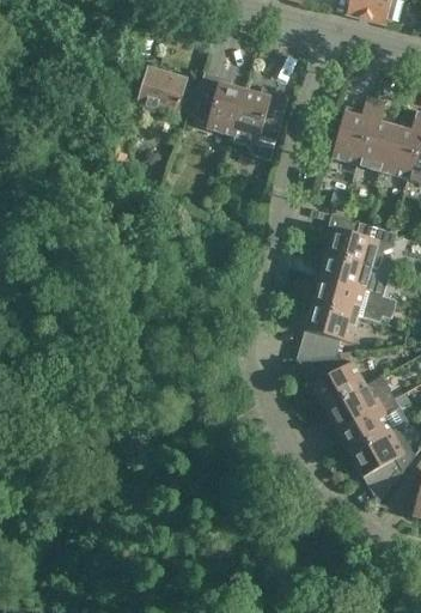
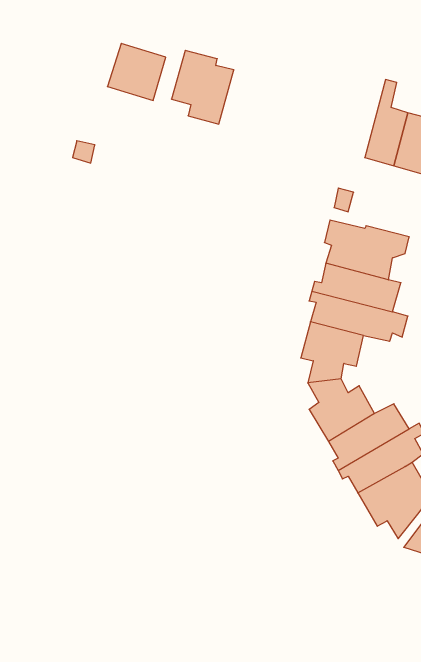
building: [231,87,288,160] -> none
building: [331,95,376,164] -> none

